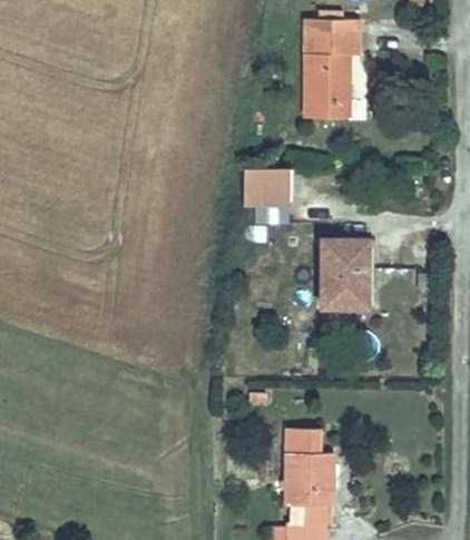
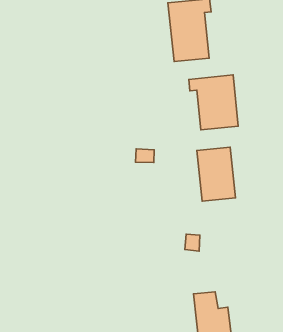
building: none -> [189,75,238,130]
building: [239,171,282,202] -> none

